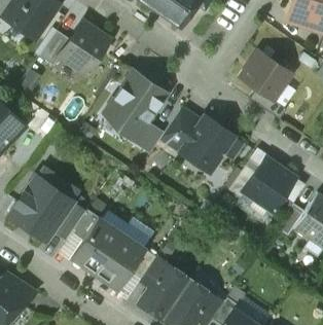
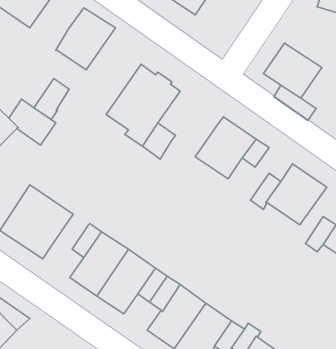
building: [39,30,70,66] -> [34,78,69,120]
building: [160,107,202,151] -> none
building: [53,202,87,241] -> none

